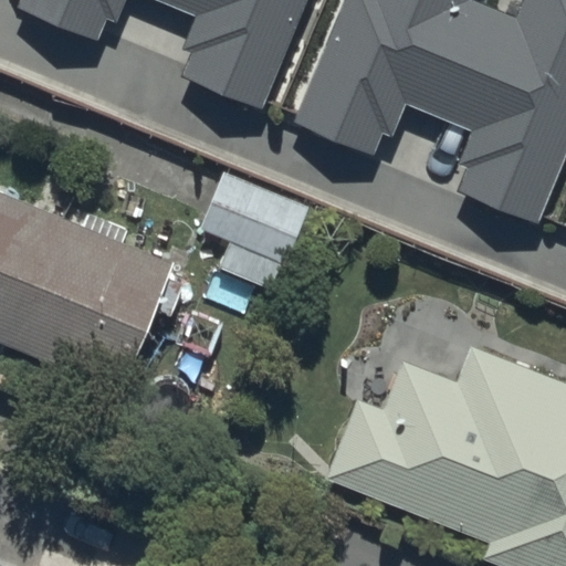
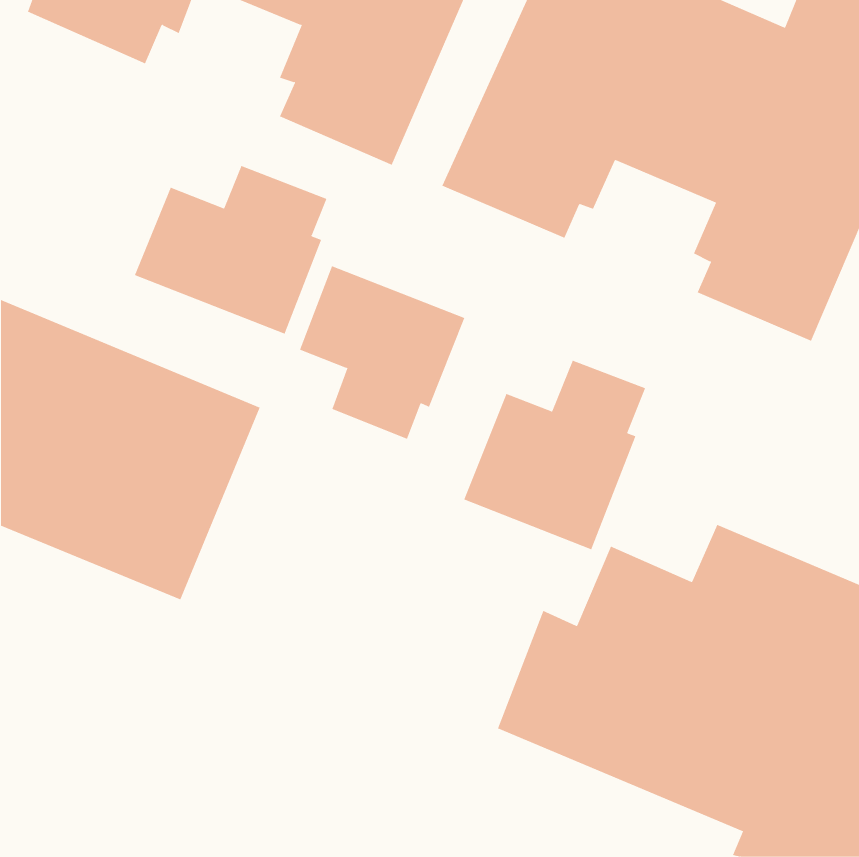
building: none -> [134,165,327,335]
building: none -> [463,360,646,550]

